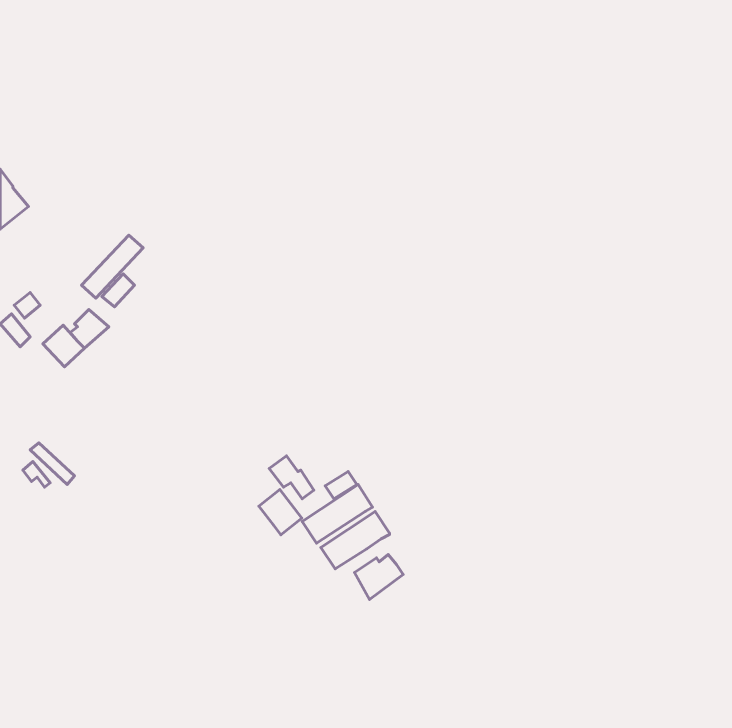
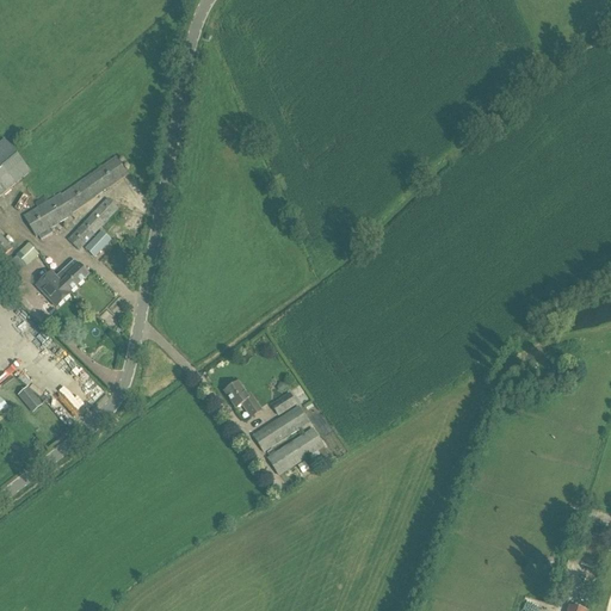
building: none -> [17,159,126,234]
building: [259,490,302,535] -> none
building: [355,554,403,600] -> none

